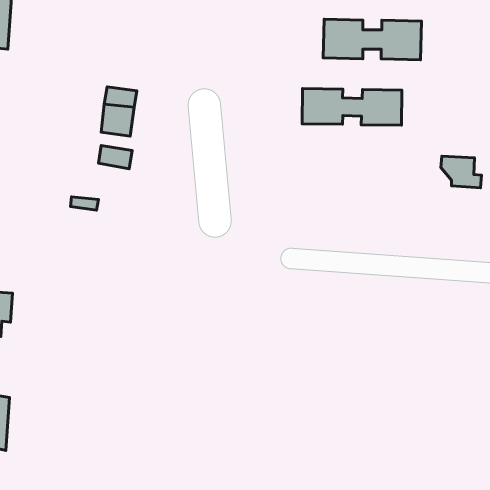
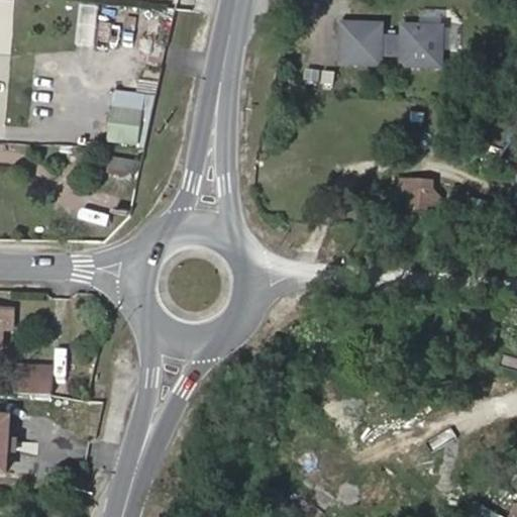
building: [302,89,402,125] -> none
building: [441,156,481,188] -> [397,178,439,211]
building: none -> [15,364,54,394]

